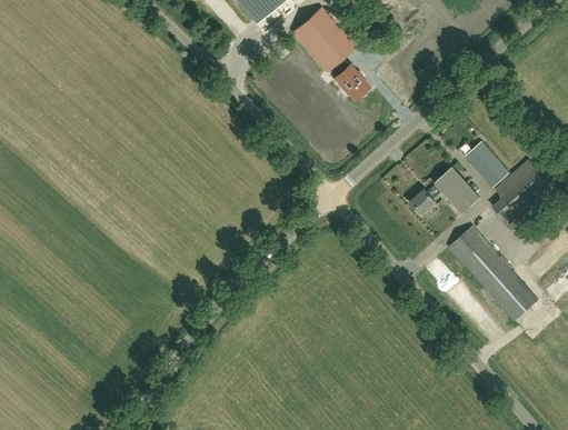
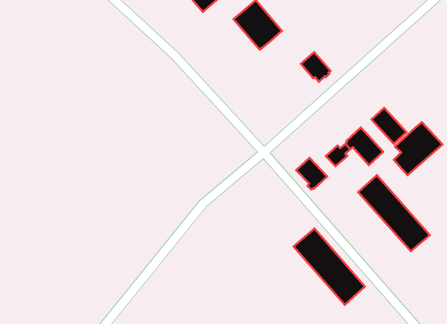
building: [332,63,369,100] -> [301,52,330,82]
building: none -> [296,158,327,190]
building: none -> [293,228,365,305]

